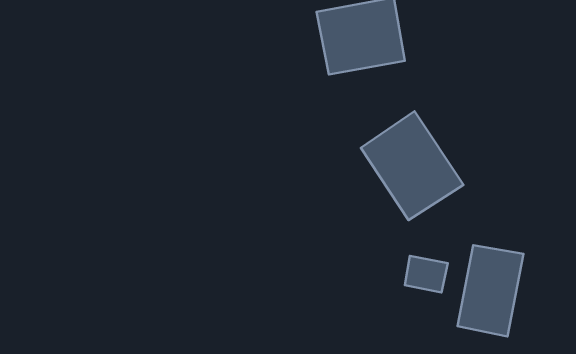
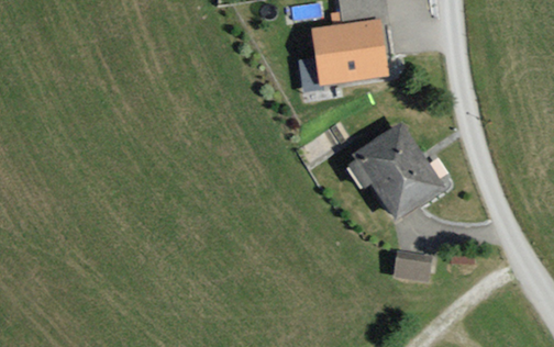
building: [458,245,524,337] -> none

